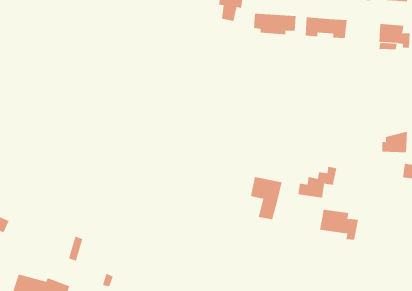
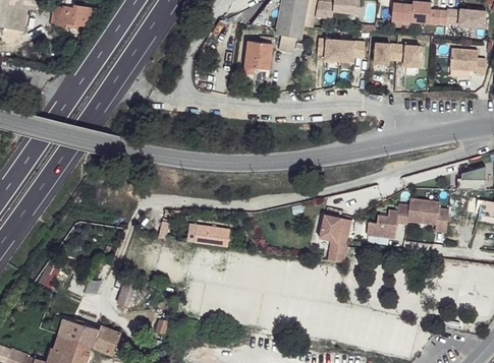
building: none -> [244,36,273,72]
building: none -> [194,224,228,245]
building: [319,209,359,240] -> [405,198,448,232]

